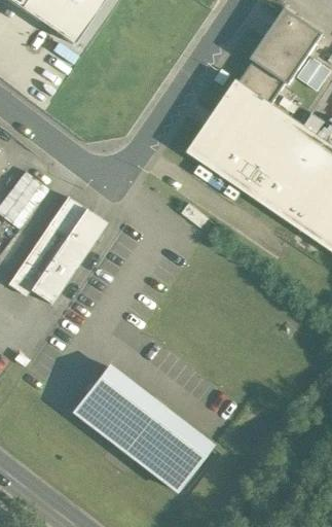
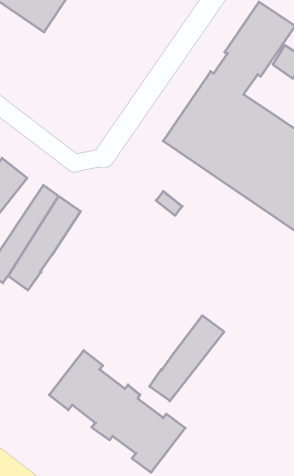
building: none -> [150,316,224,401]

